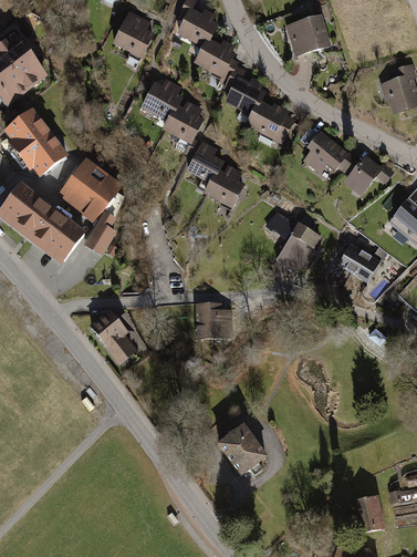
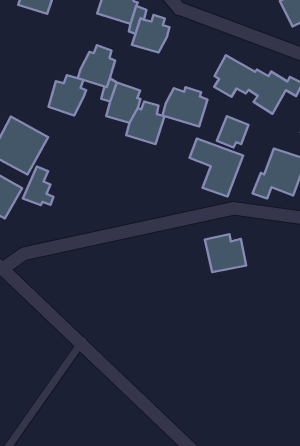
building: [140,76,183,120] -> [48,75,86,115]
building: [244,101,294,145] -> [162,87,208,126]
building: none -> [217,116,249,148]
building: [194,305,232,341] -> [205,234,246,272]
building: [90,308,136,362] -> none
building: [213,416,267,472] -> none

